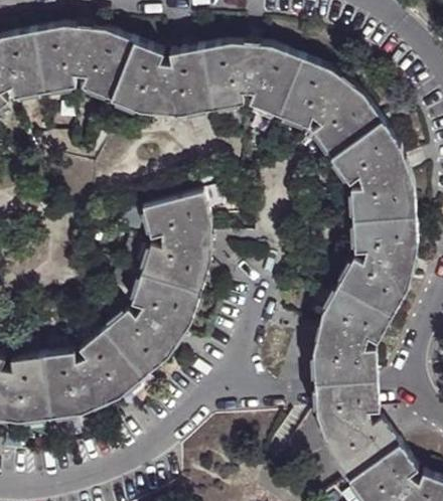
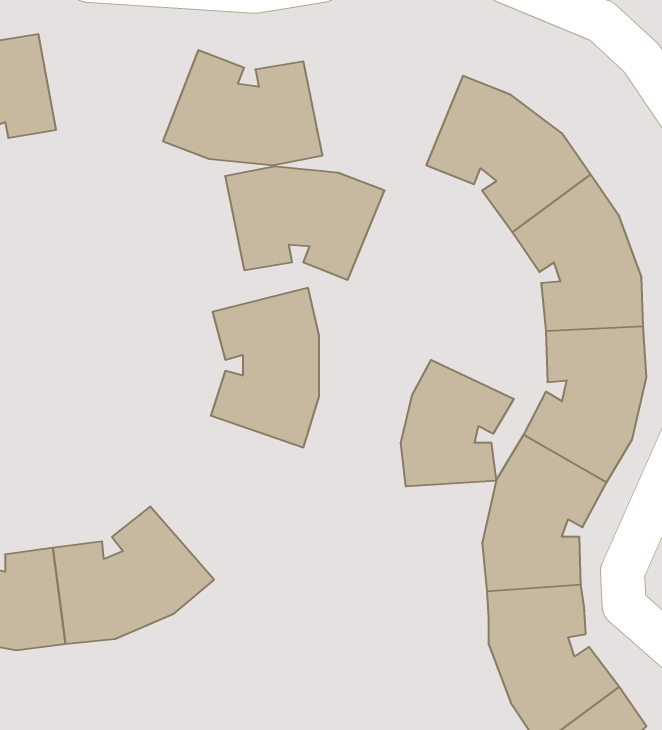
building: [32,27,133,101] -> none
building: [199,44,300,116] -> [225,166,385,280]
building: none -> [401,360,514,487]
building: [103,274,199,377] -> none

